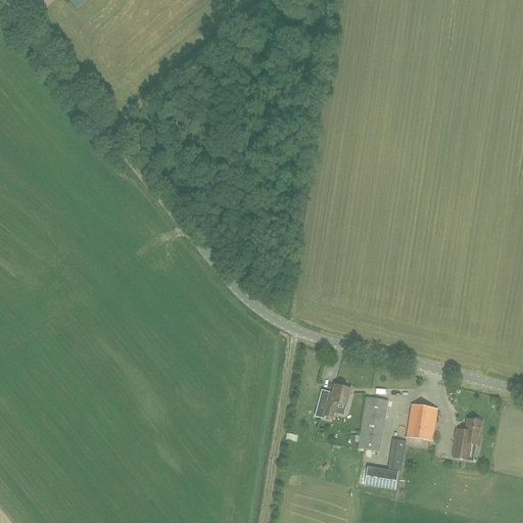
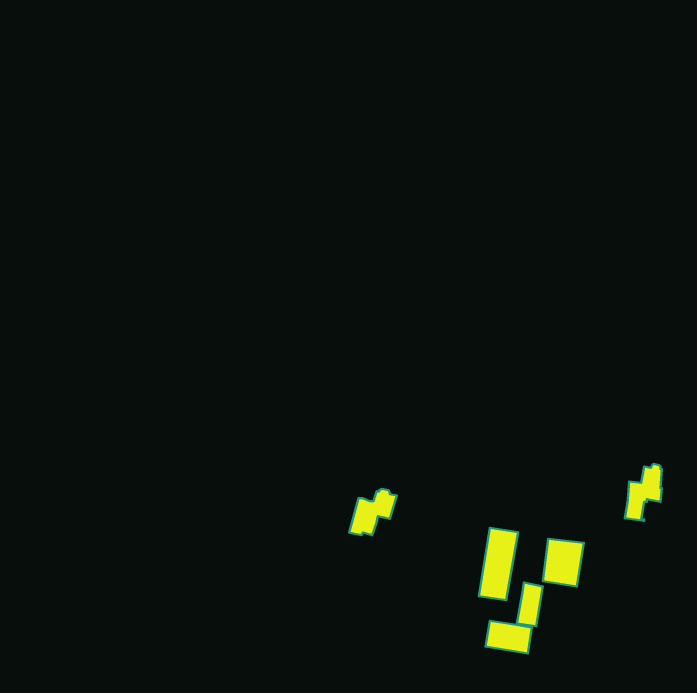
building: [315,381,350,416] -> [349,489,397,535]
building: [454,414,481,457] -> [625,464,662,521]

